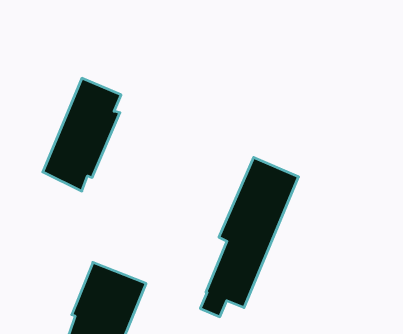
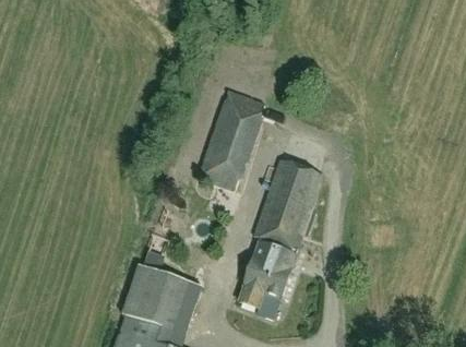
building: [43,78,121,191] -> [198,87,265,191]

